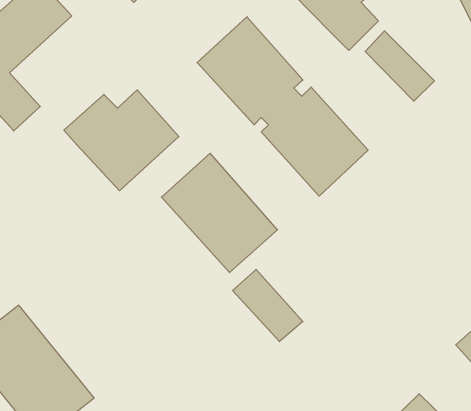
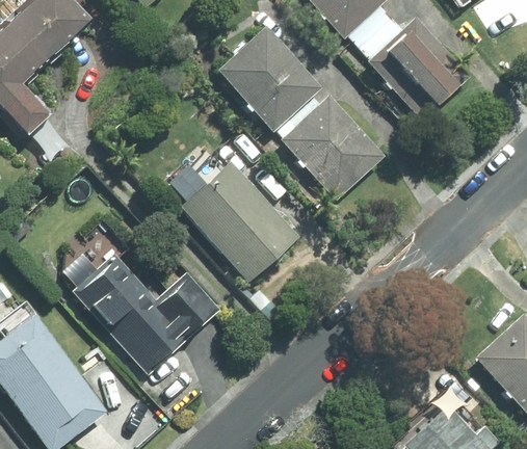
building: [64,90,179,191] -> none
building: none -> [59,254,218,370]
building: [233,269,303,342] -> none

